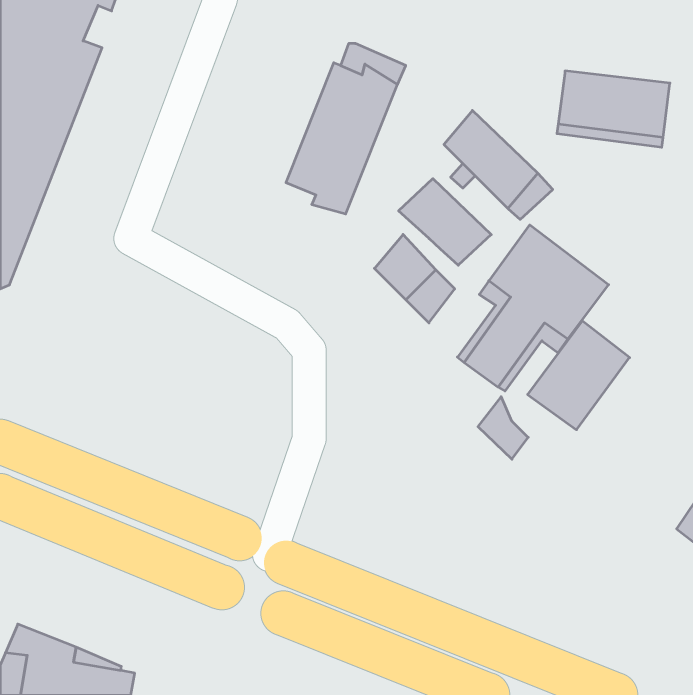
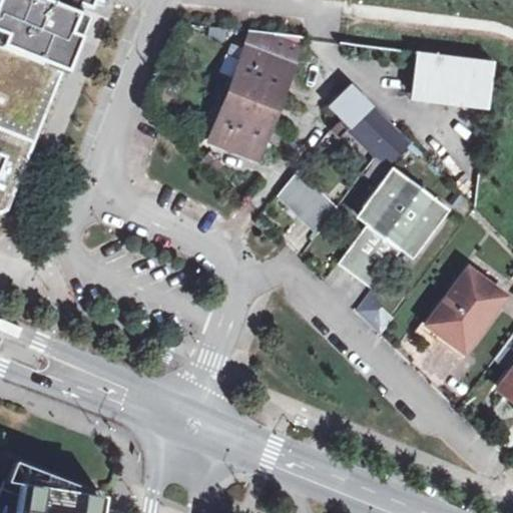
building: [399,179,491,265] -> none
building: [528,321,630,430] -> [429,270,504,350]

